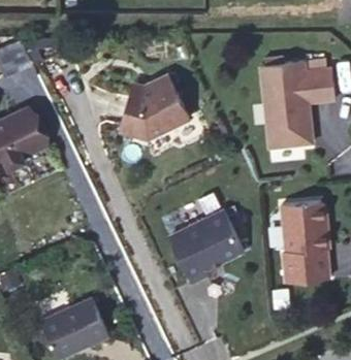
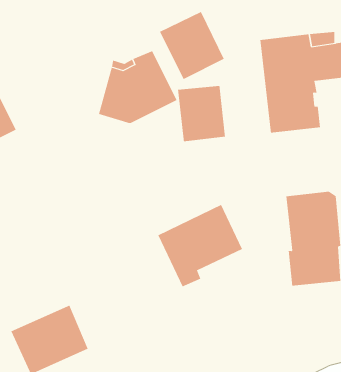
building: none -> [159,11,225,80]
building: none -> [178,85,225,142]

